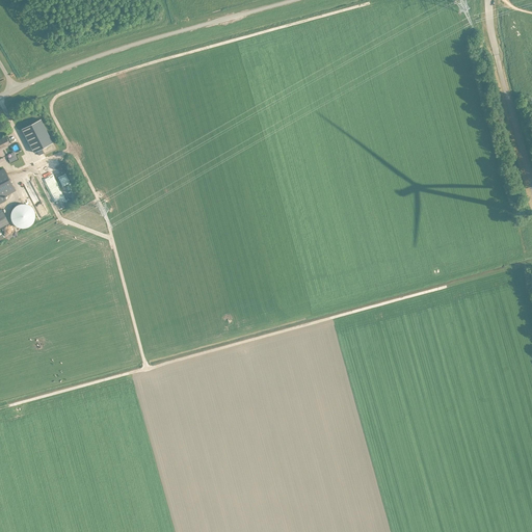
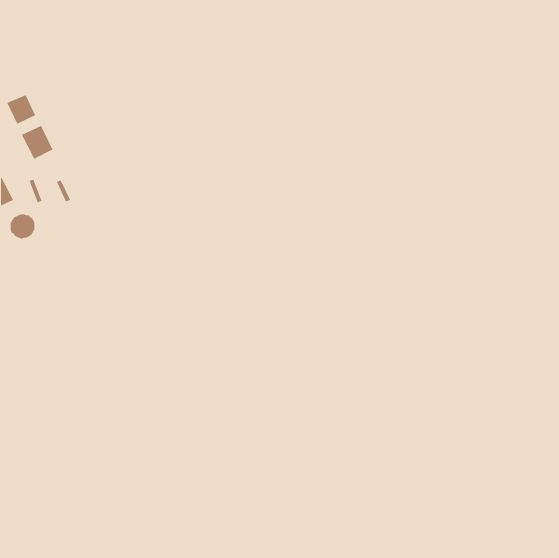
building: none -> [6,94,36,125]

